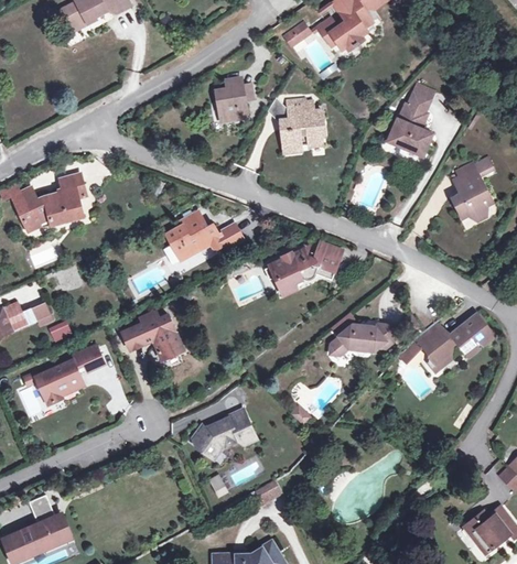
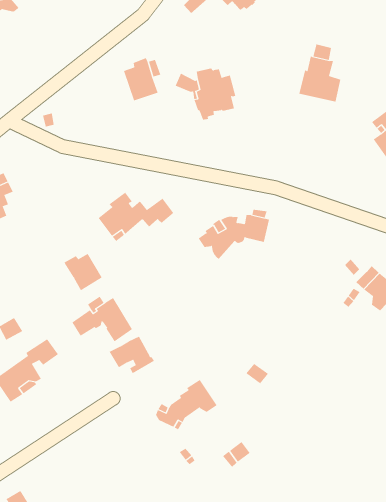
building: none -> [64,253,102,291]
building: [330,312,394,354] -> none
building: none -> [109,336,155,374]

